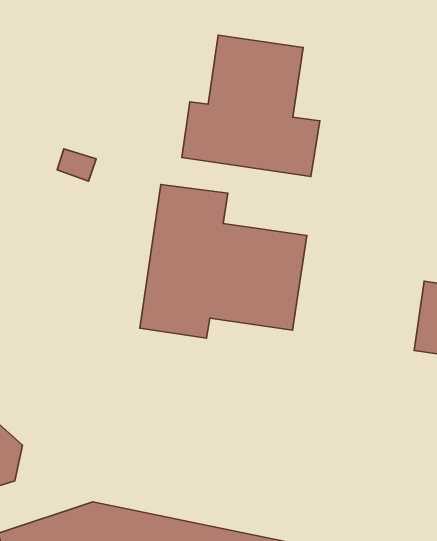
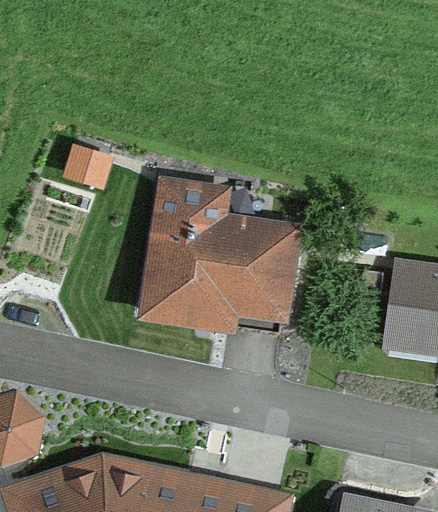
building: [182,35,320,177] -> none

